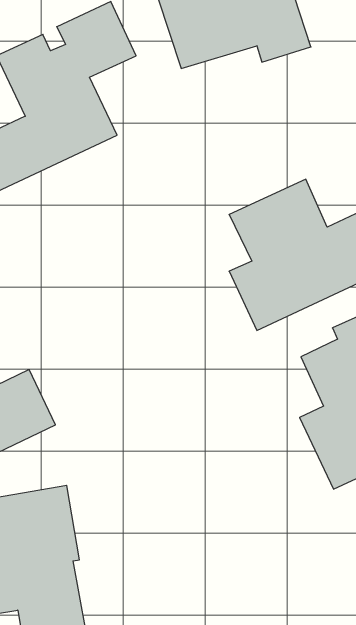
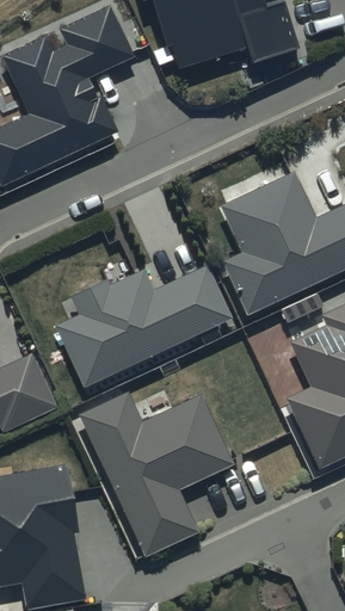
building: none -> [56,264,232,385]
building: none -> [78,391,234,556]

